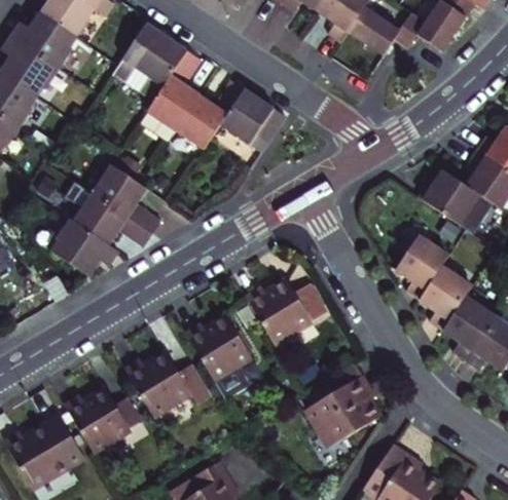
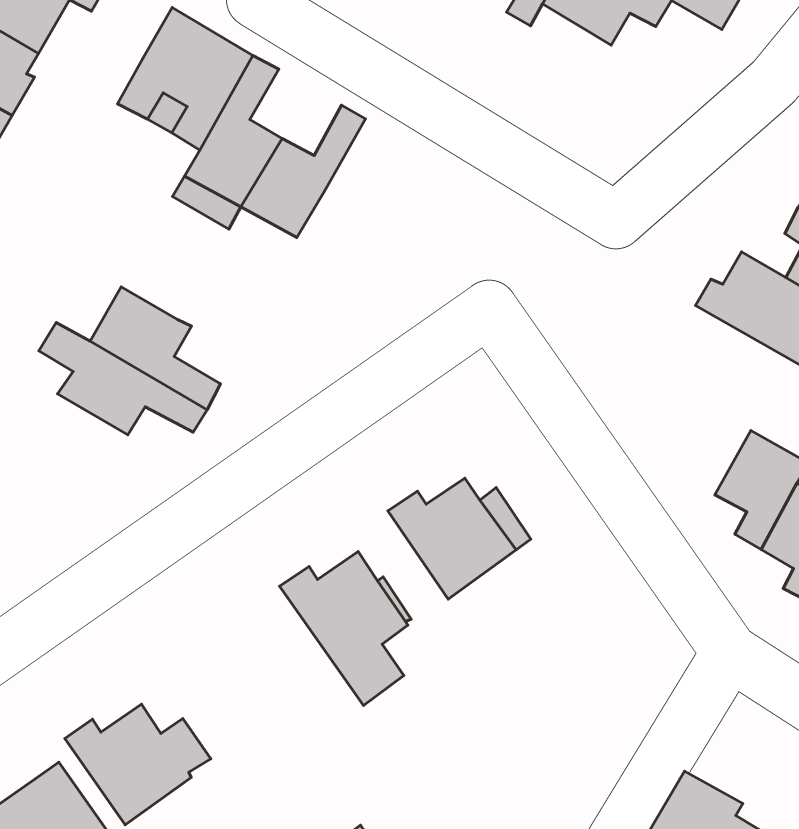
building: [223,85,289,149] -> none
building: [53,218,120,275] -> none
building: [396,235,448,299] -> none
building: [123,351,209,416] -> none
building: [303,371,378,444] -> none

